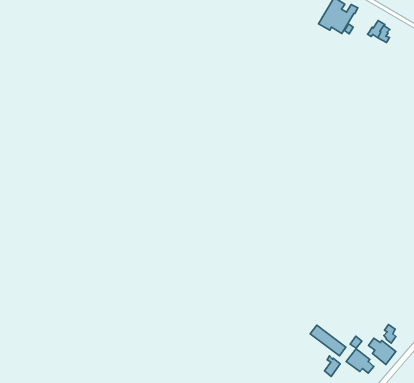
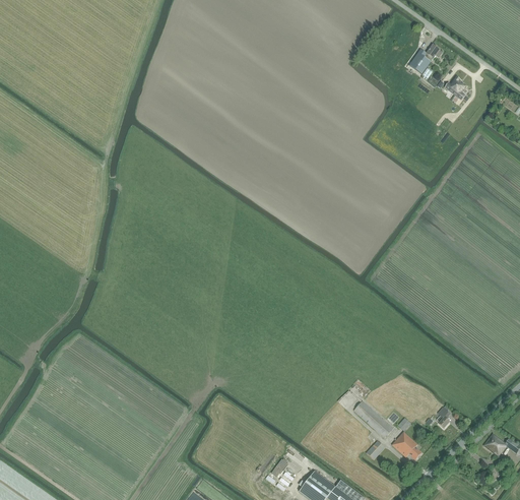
building: [368,338,396,364] -> none

